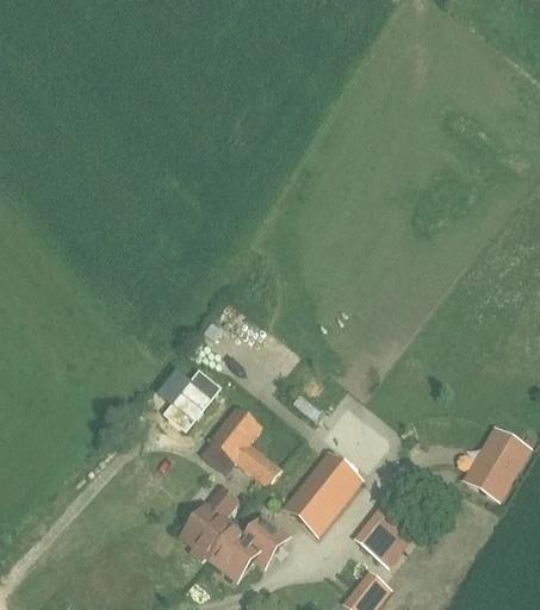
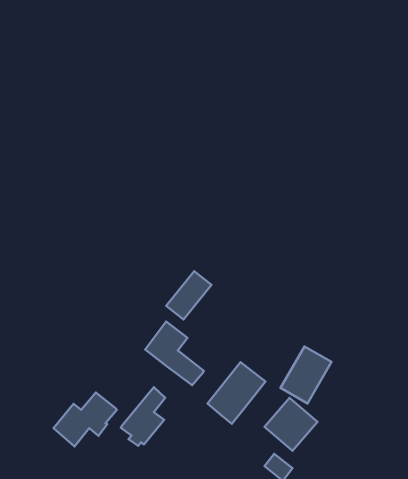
building: [163,371,219,430] -> [166,271,212,319]
building: [465,429,528,499] -> [280,346,331,403]
building: [207,513,286,580] -> [53,392,117,446]

